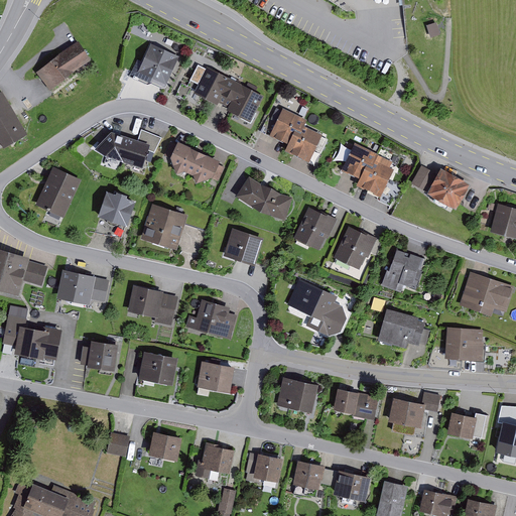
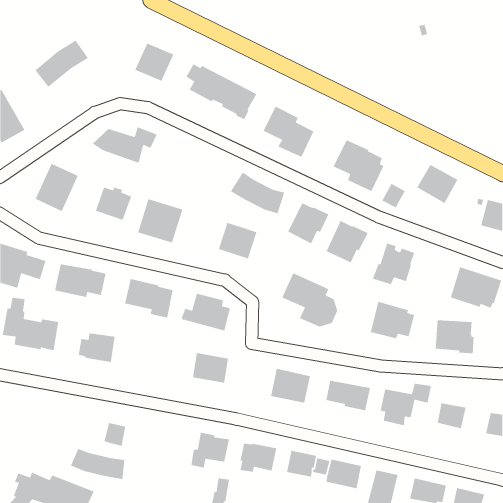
building: [169,141,224,183] -> none
building: [410,165,435,191] -> [381,183,406,209]
building: [137,351,177,385] -> none
building: [148,431,181,461] -> none
building: none -> [70,448,125,480]

